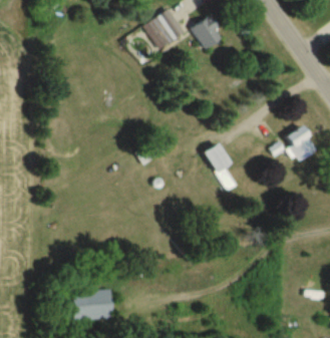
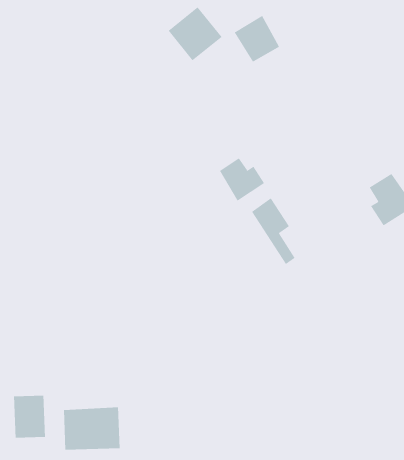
building: none -> [219,158,265,201]
building: none -> [14,395,45,439]

